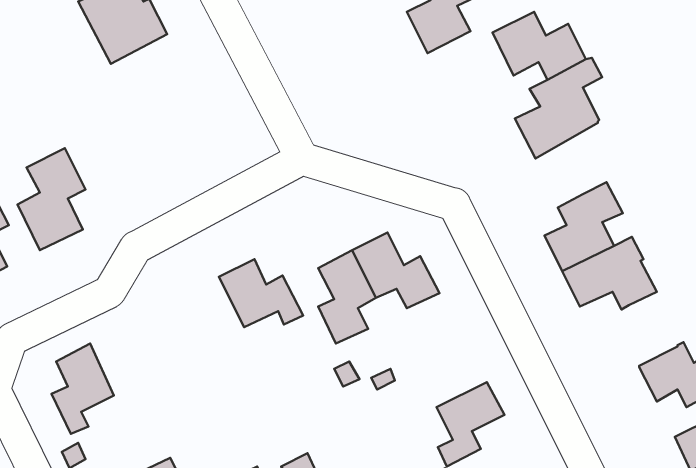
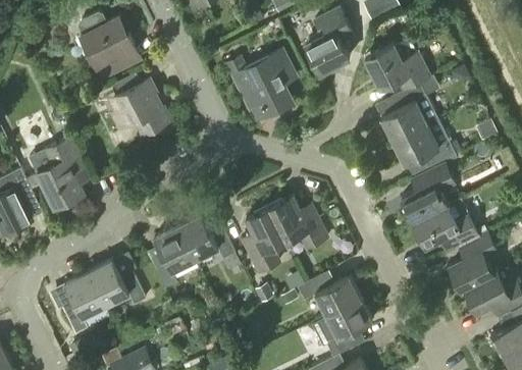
building: none -> [226,50,296,119]
building: none -> [106,78,169,135]
building: none -> [395,120,455,169]
building: none -> [150,226,194,289]
building: none -> [451,232,498,290]
building: none -> [88,261,145,308]
building: none -> [298,275,361,316]

